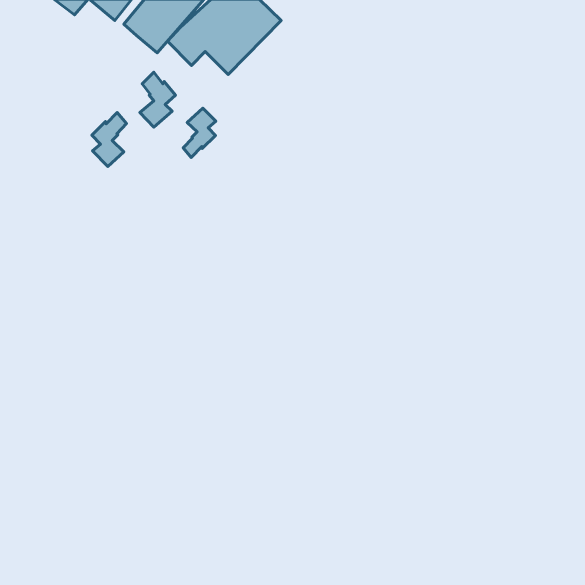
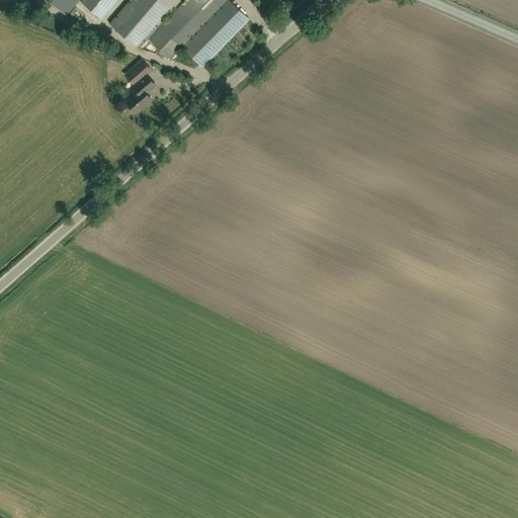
building: [183,108,216,157] -> none
building: [92,112,126,166] -> none

